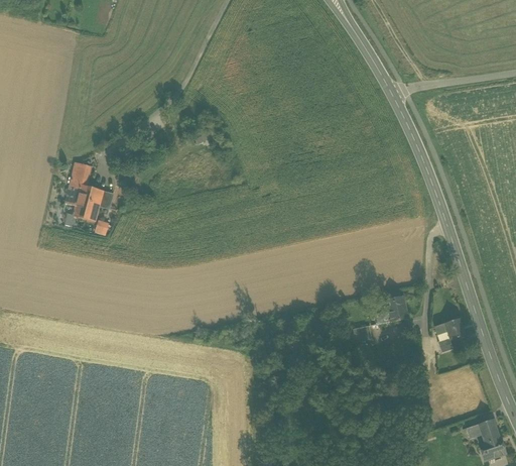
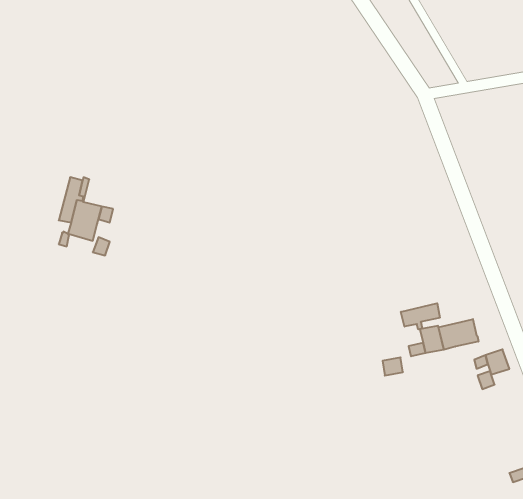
building: none -> [401,303,440,329]
building: none -> [438,319,478,350]

